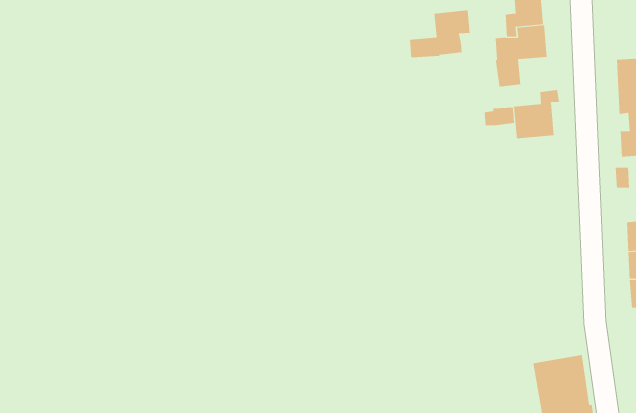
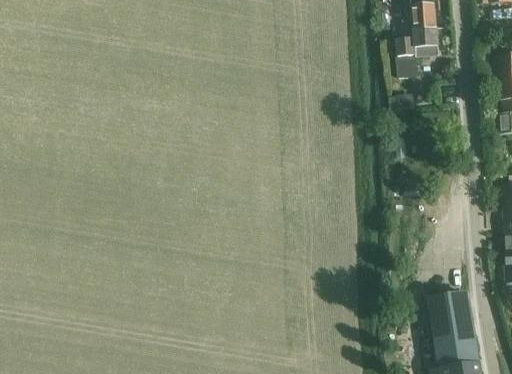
building: [410,10,470,58] -> none
building: [514,89,559,139] -> none

